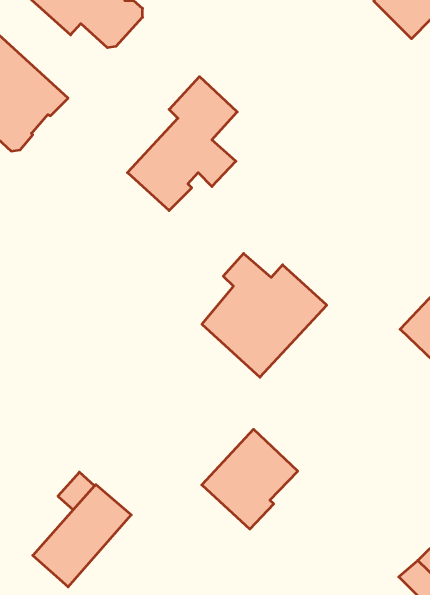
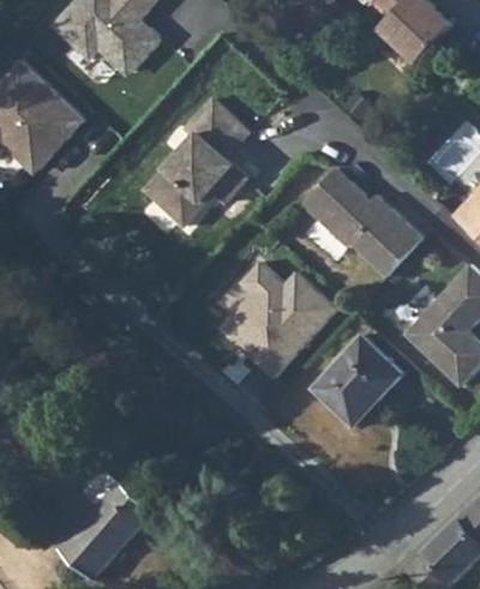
building: none -> [305,169,425,278]
building: [202,429,298,529] -> [310,337,401,432]

